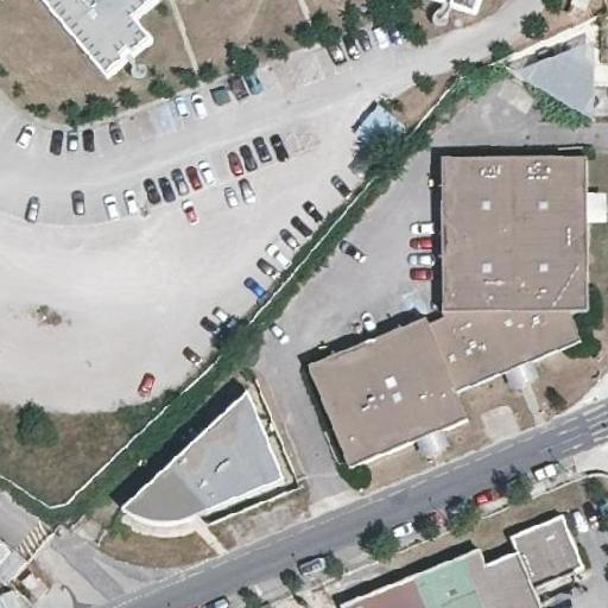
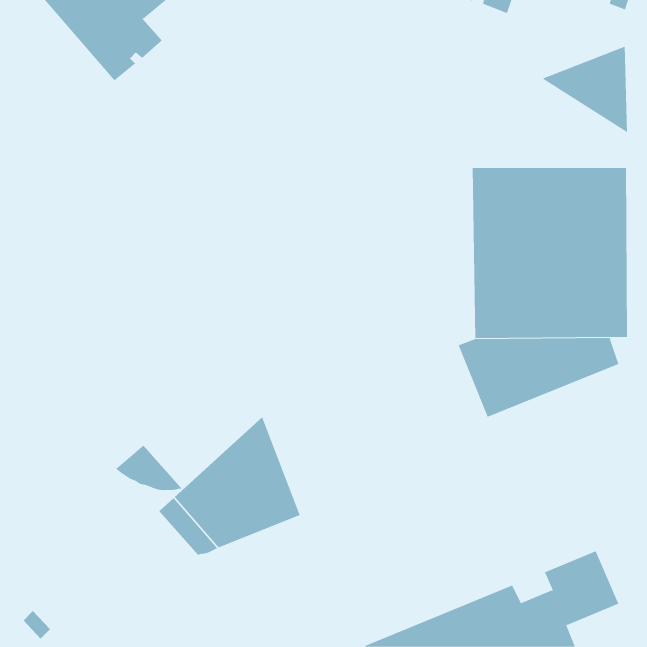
building: [308,317,468,467] -> none
building: [122,479,185,521] -> [116,445,183,490]

